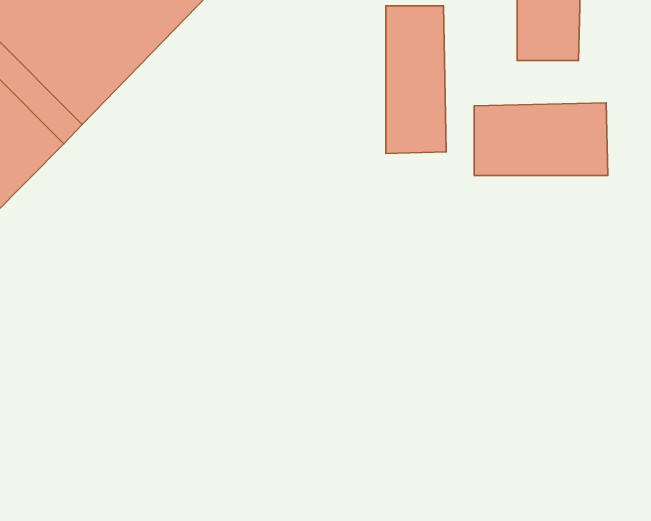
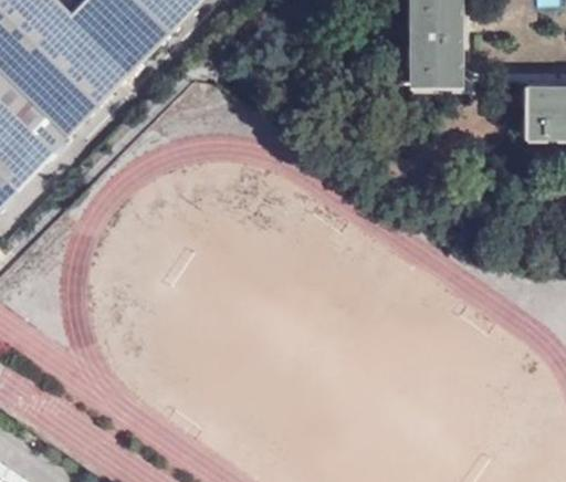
building: [386,6,446,154] -> none
building: [474,103,608,175] -> none

